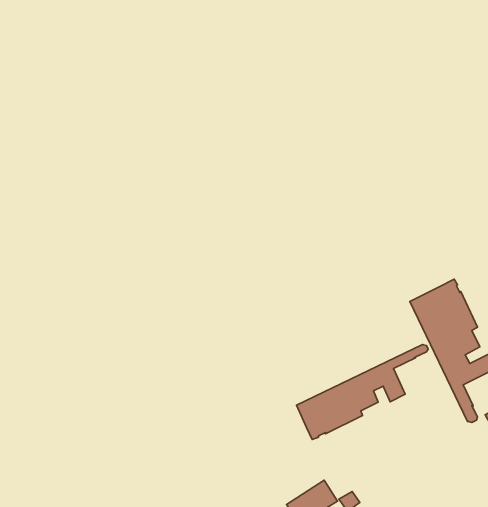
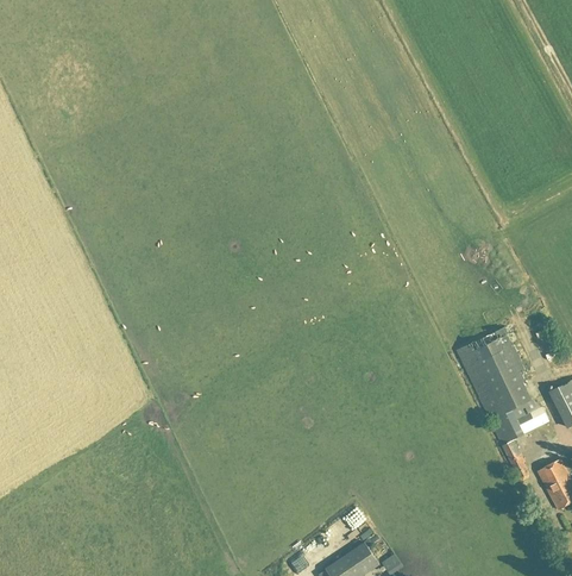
building: [296,345,428,440] -> none

